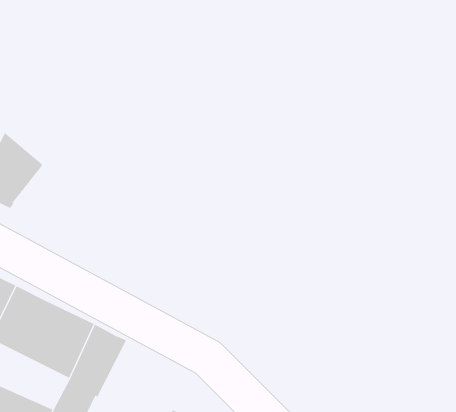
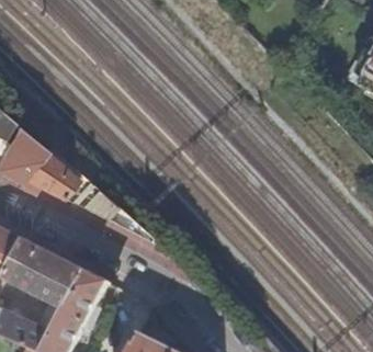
building: none -> [20,149,71,194]

